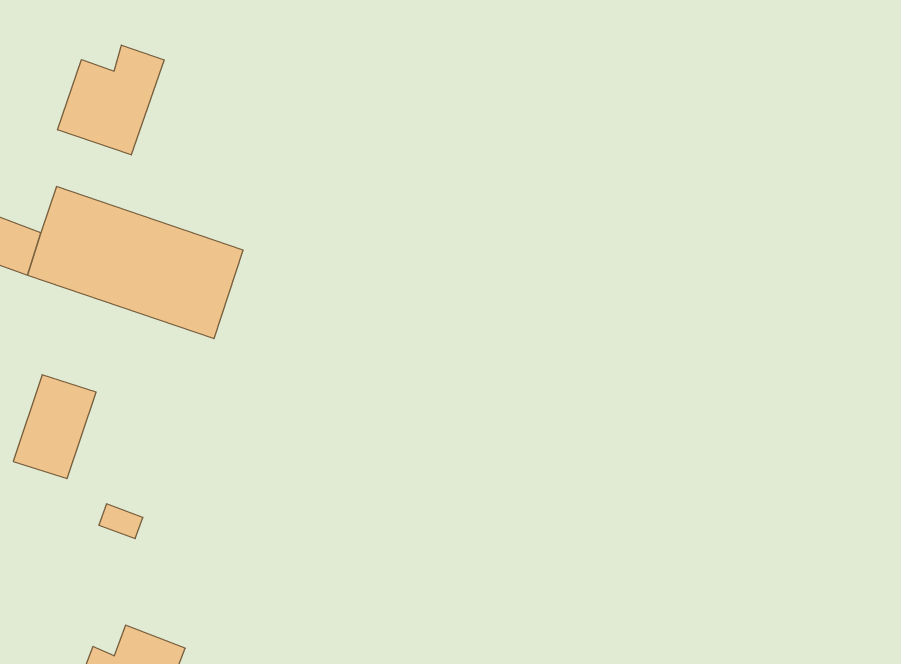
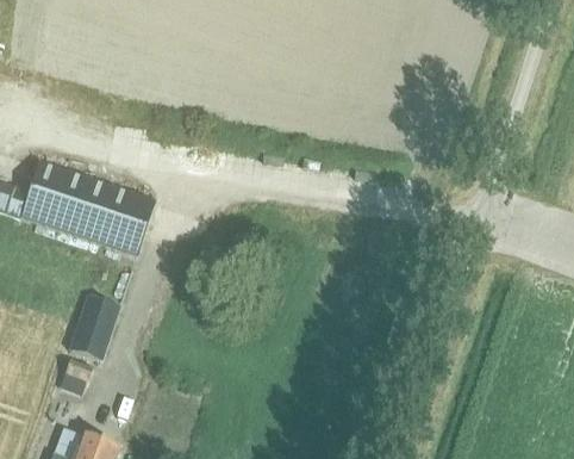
building: [58,45,164,155] -> none
building: [13,375,96,479] -> [68,294,119,359]

